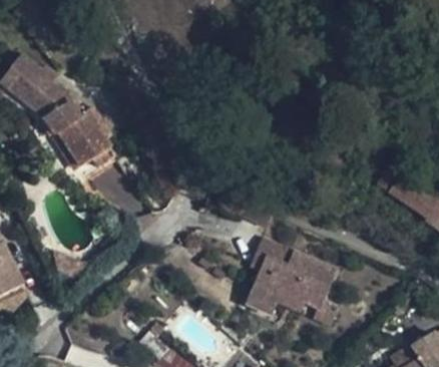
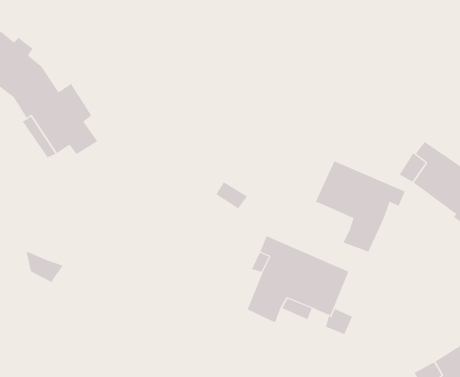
building: none -> [315,160,406,253]

